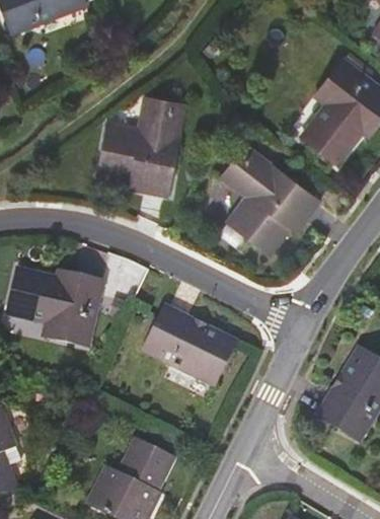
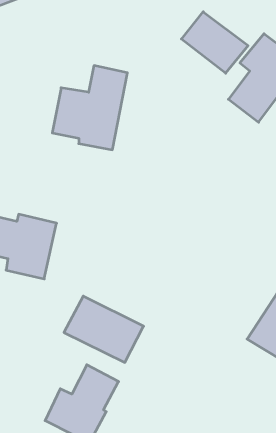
building: none -> [181,12,248,73]
building: [219,145,315,254] -> none
building: [142,309,233,385] -> [64,296,144,362]

